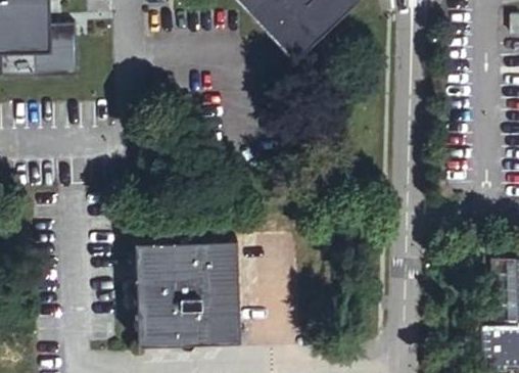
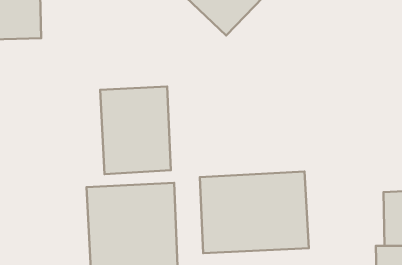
building: none -> [100,87,171,174]
building: none -> [200,171,309,253]

